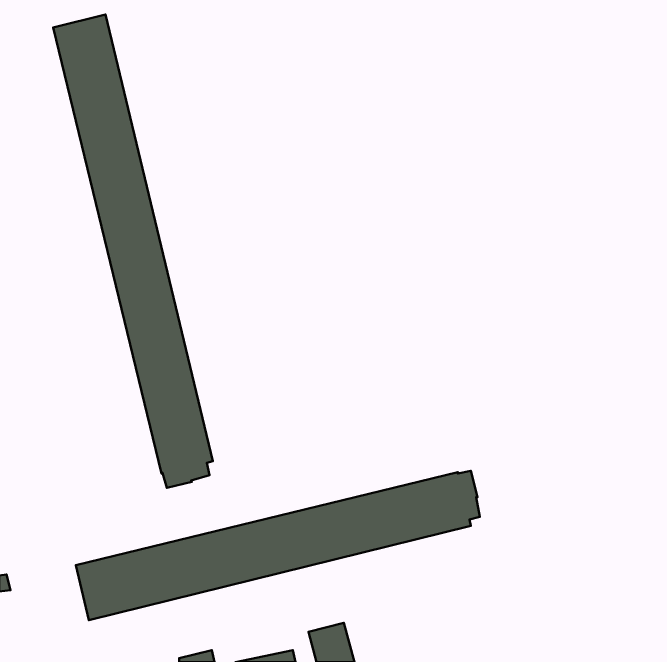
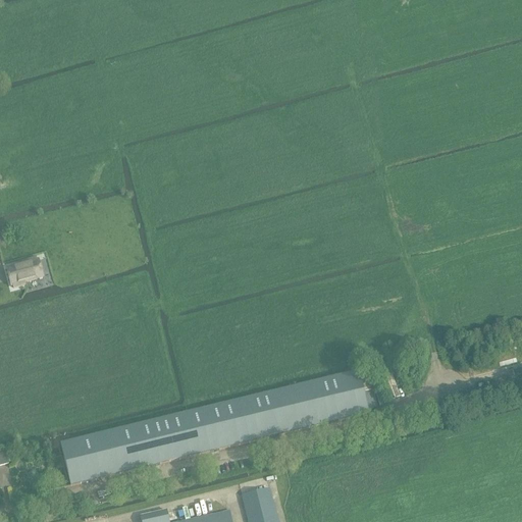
building: [53,15,213,488] -> none
building: none -> [5,254,42,283]

